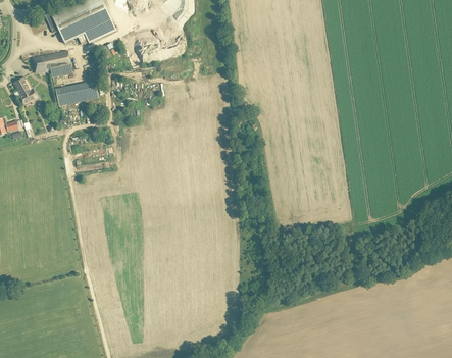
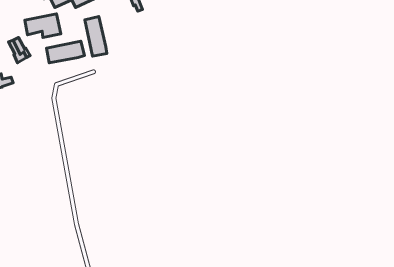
building: none -> [85,16,107,56]

